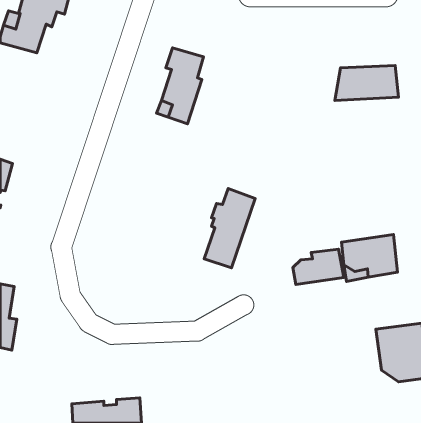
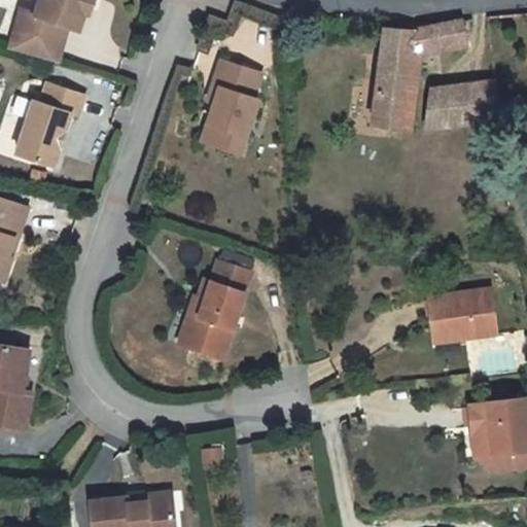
building: none -> [367,22,460,126]
building: none -> [14,84,84,168]
building: [204,188,255,268] -> [187,262,250,360]
building: [293,249,344,284] -> none

